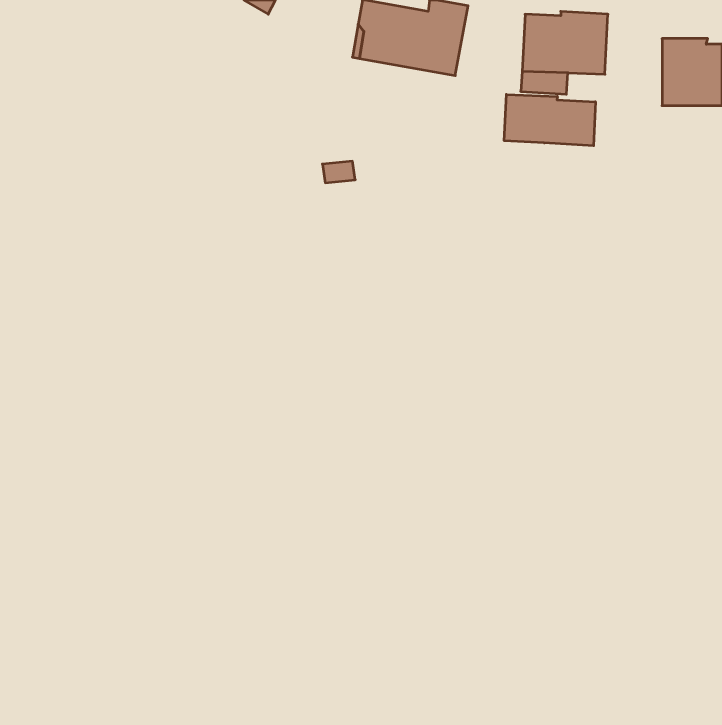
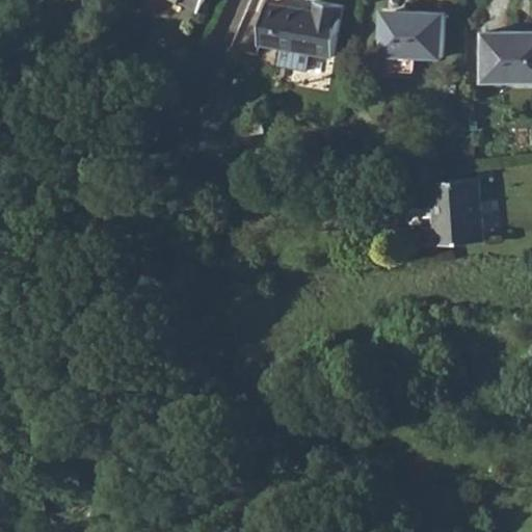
building: [504,94,595,146] -> none
building: none -> [430,179,481,245]

